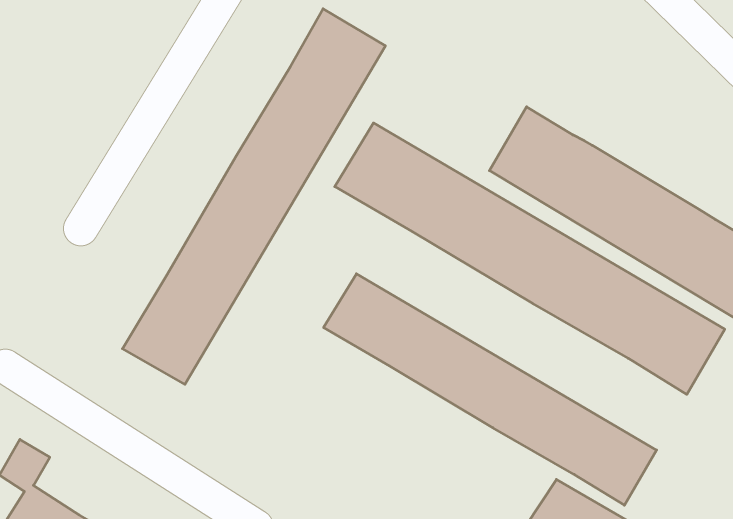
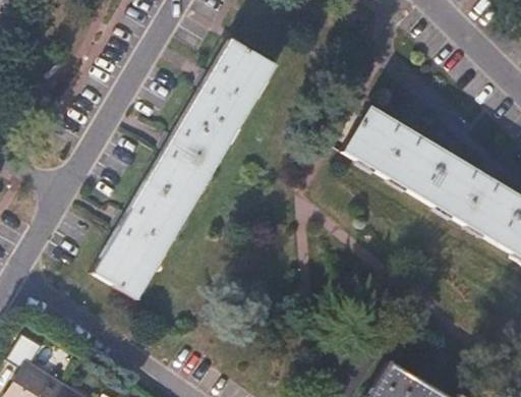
building: [335,123,725,394] -> none
building: [324,274,657,505] -> none

